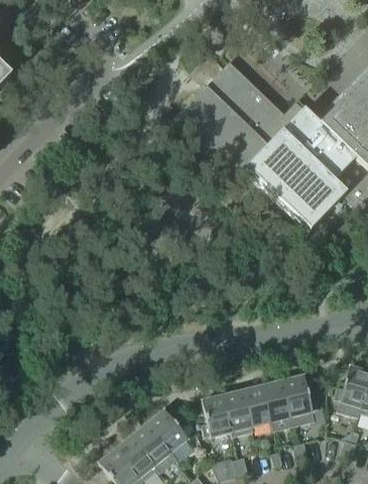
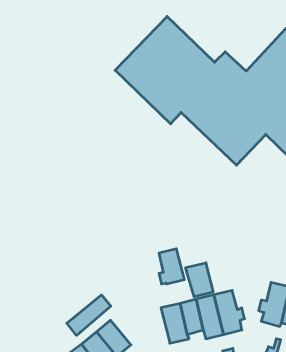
building: none -> [186,263,213,297]
building: none -> [67,295,111,335]
building: [203,394,232,435] -> [159,249,184,284]

